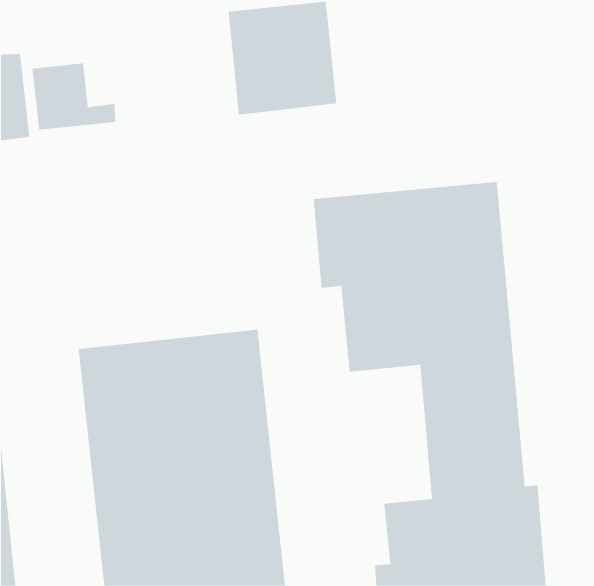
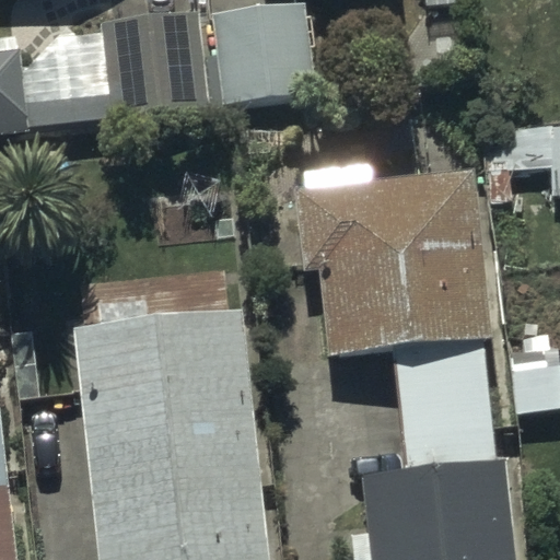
building: none -> [104,12,211,118]

